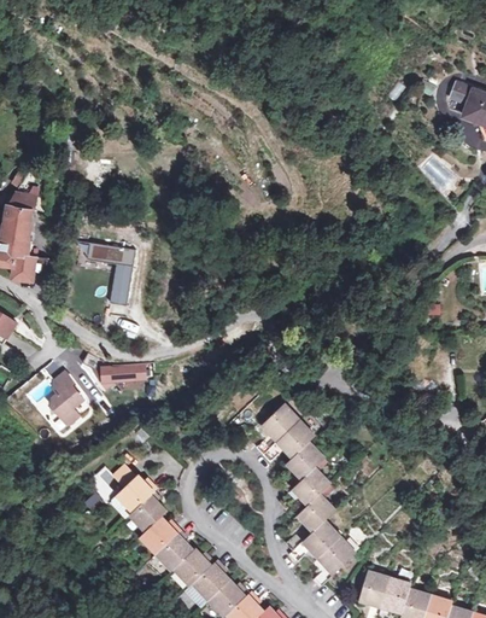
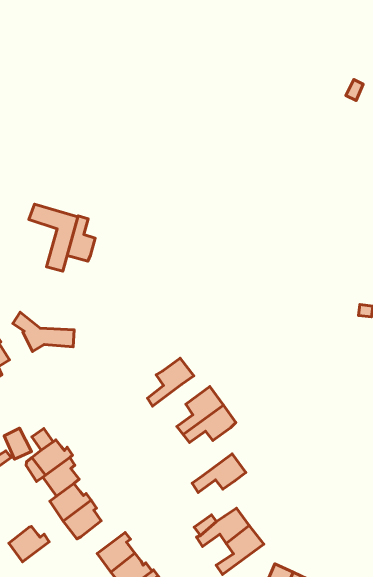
building: none -> [67,216,95,261]
building: [282,442,326,492] -> [147,358,194,406]
building: [299,494,336,530] -> none
building: [175,548,215,584] -> [9,526,49,562]

